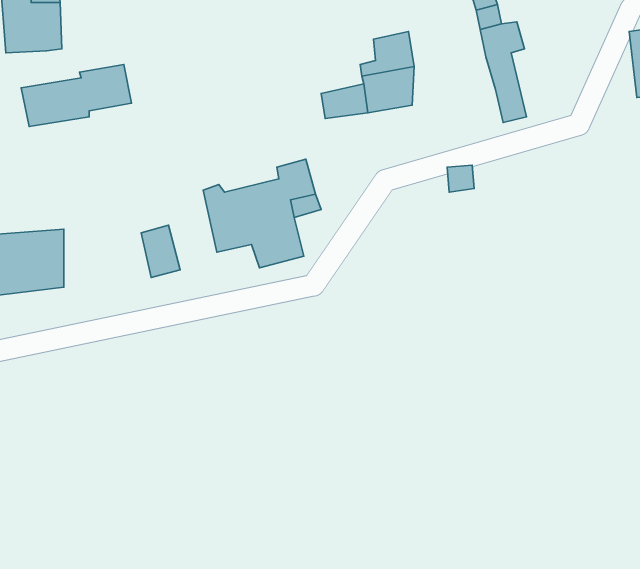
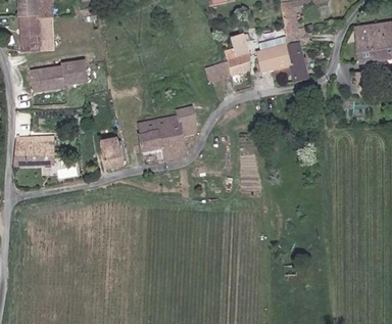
building: none -> [245,45,284,73]

